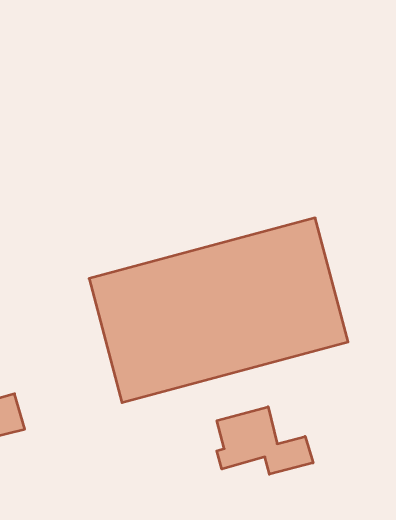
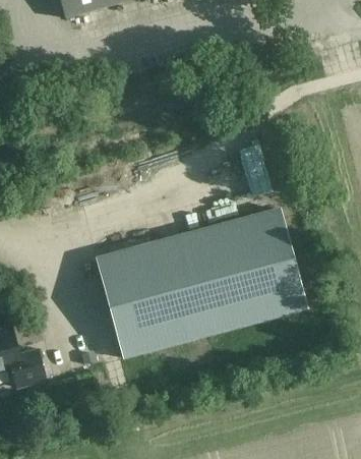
building: [217,407,313,474] -> none

